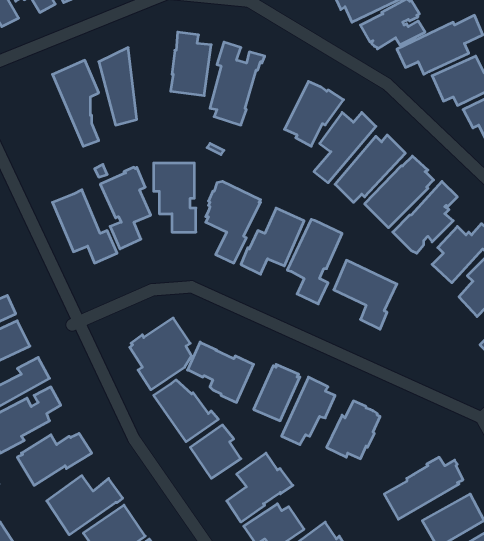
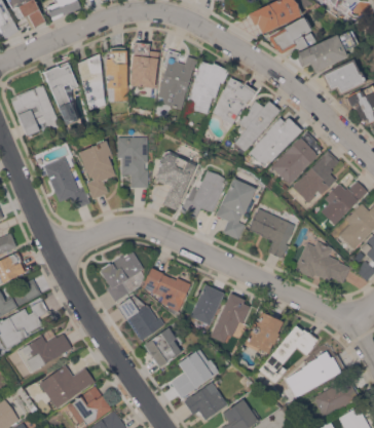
building: none -> [105,47,127,101]
building: none -> [185,62,229,114]
building: none -> [11,85,61,137]
building: none -> [294,241,350,283]
building: none -> [259,325,317,383]

